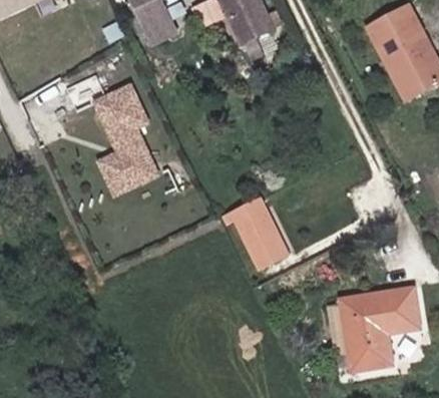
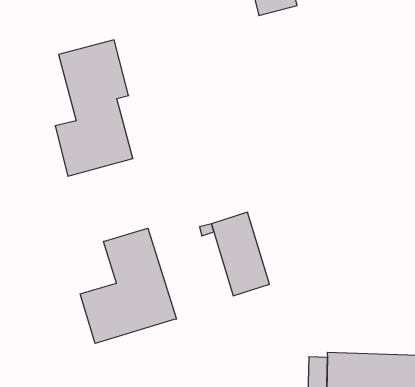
building: none -> [80,228,177,343]

